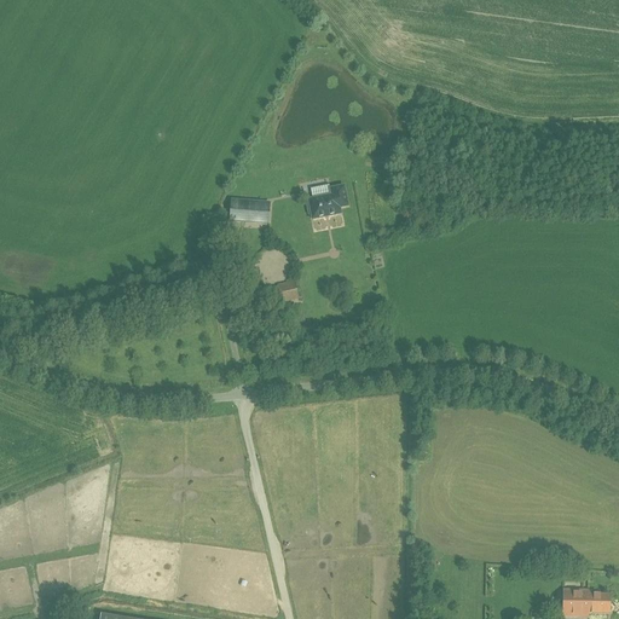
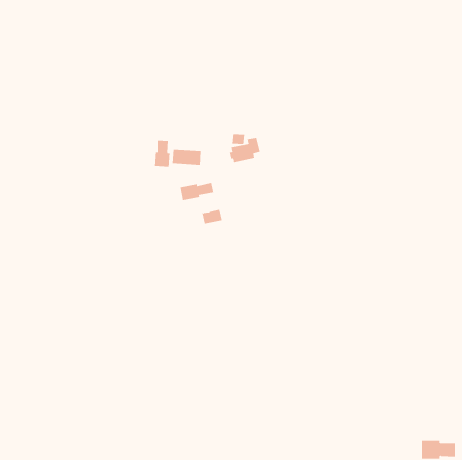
building: none -> [154,140,170,167]
building: none -> [180,182,214,201]

